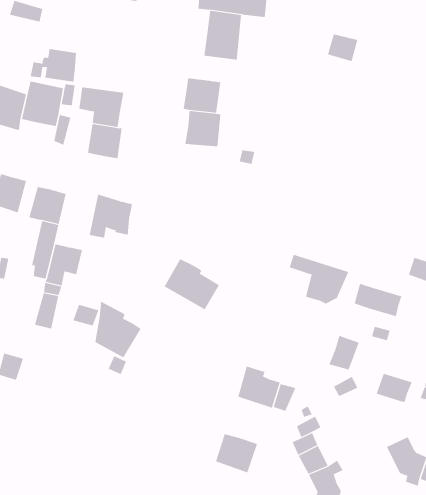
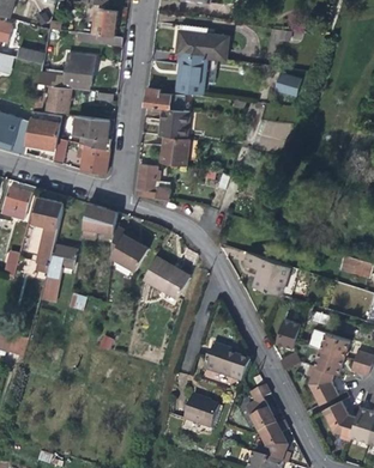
building: none -> [38,53,95,90]
building: none -> [145,87,183,111]
building: none -> [259,121,286,150]
building: none -> [137,164,175,200]
building: [354,283,402,317] -> [310,329,350,357]
building: [95,301,142,358] -> [110,224,149,271]
building: none -> [308,364,338,405]

